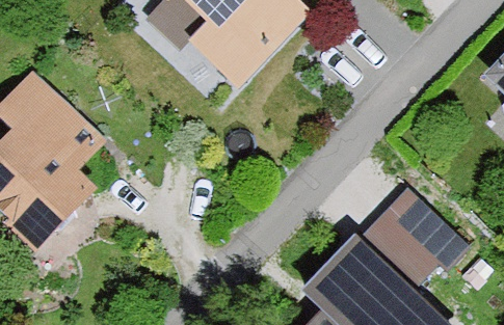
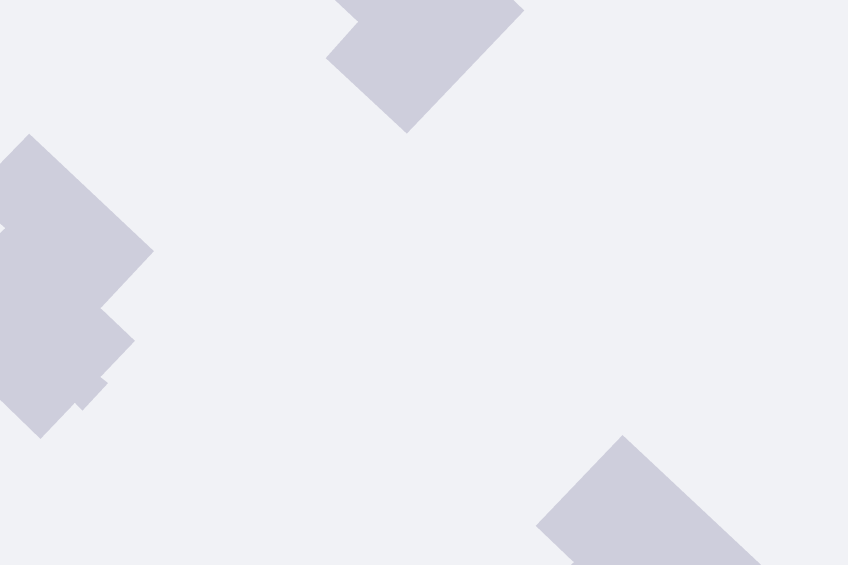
building: [364,189,468,274] -> none

